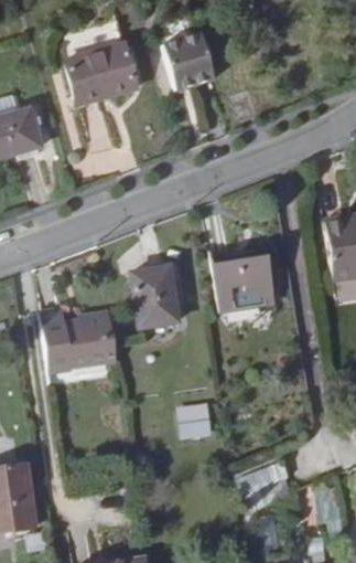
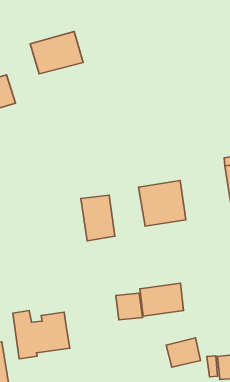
building: [164,38,215,94] -> none
building: [41,309,118,374] -> [13,311,70,359]
building: none -> [140,283,184,316]

